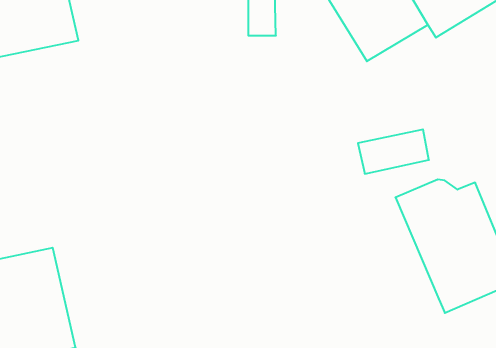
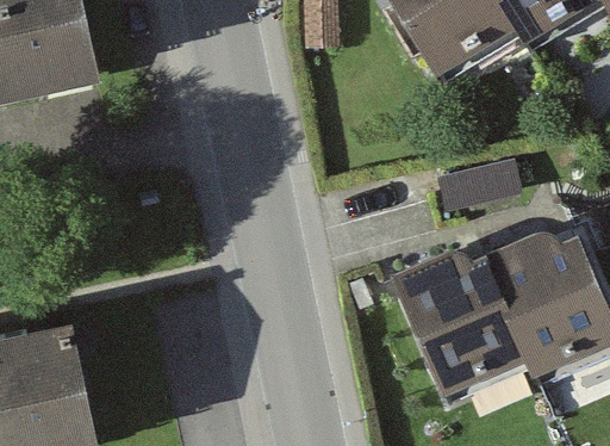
building: none -> [388,246,534,408]

